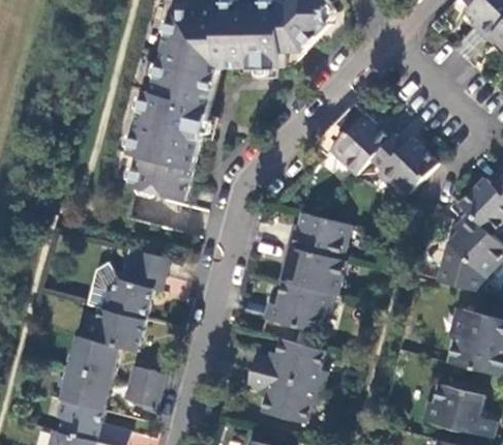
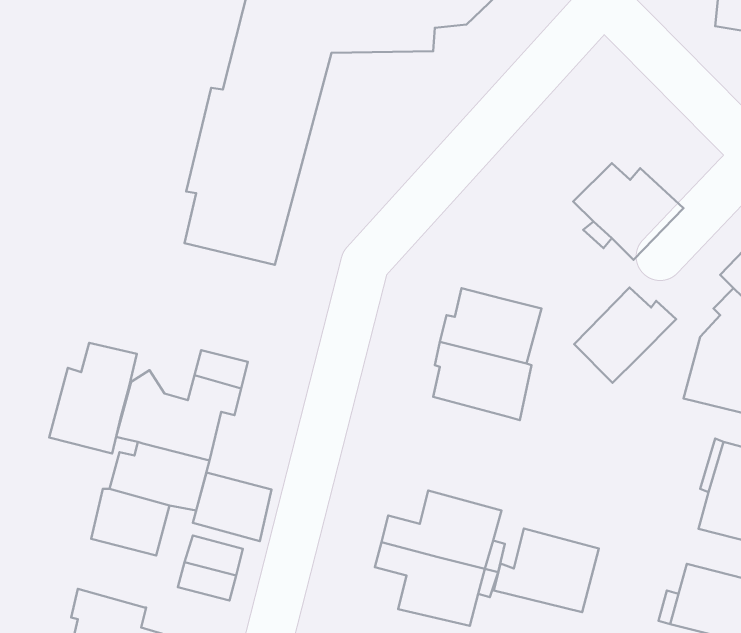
building: [330,116,393,175] -> [574,288,676,383]
building: none -> [49,343,137,453]
building: [264,280,329,332] -> [494,529,599,612]
building: [62,368,111,411] -> [193,473,271,541]

